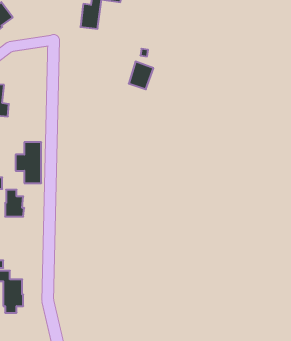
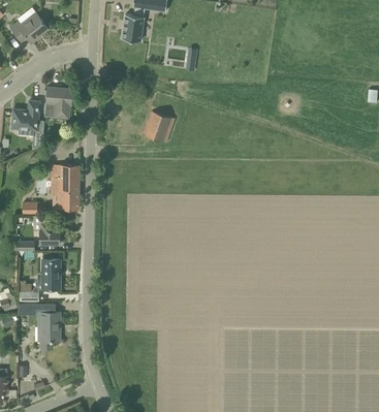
building: [129,62,153,89] -> [145,113,171,142]
building: none -> [48,89,72,119]
building: none -> [43,261,60,290]

